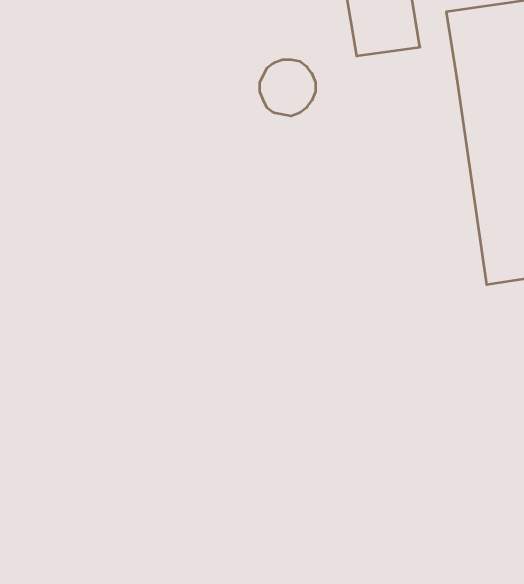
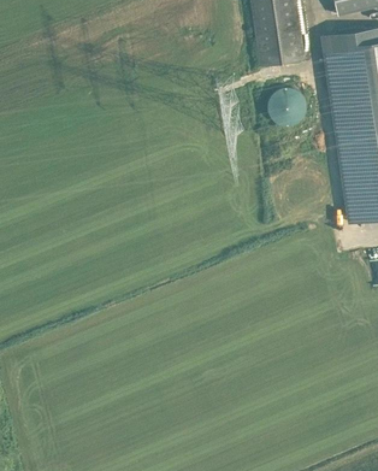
building: [260,60,316,116] -> [266,88,305,126]

